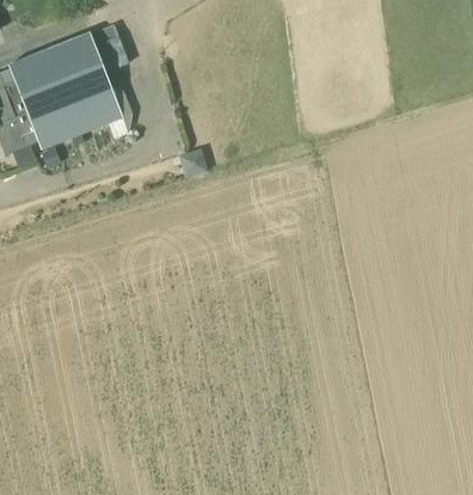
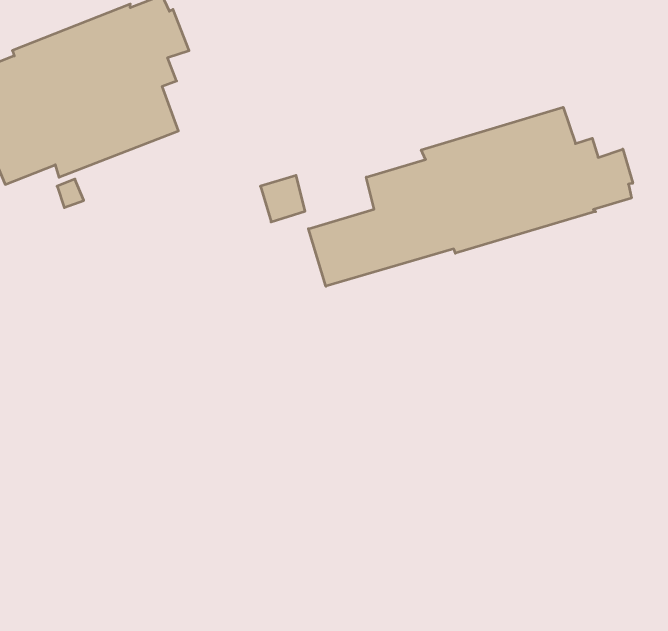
building: none -> [308,107,633,286]

